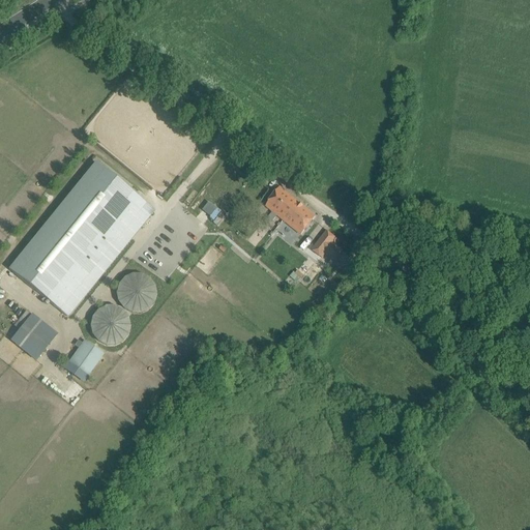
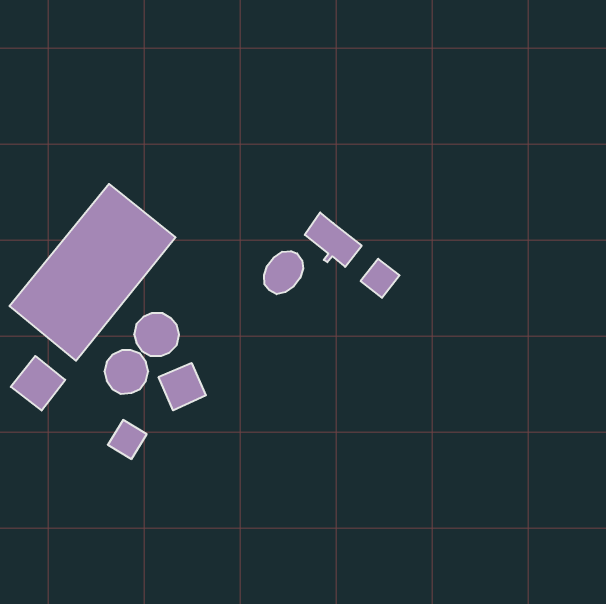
building: none -> [264,251,303,294]
building: none -> [159,363,206,410]
building: [69,337,104,372] -> [108,420,147,459]

